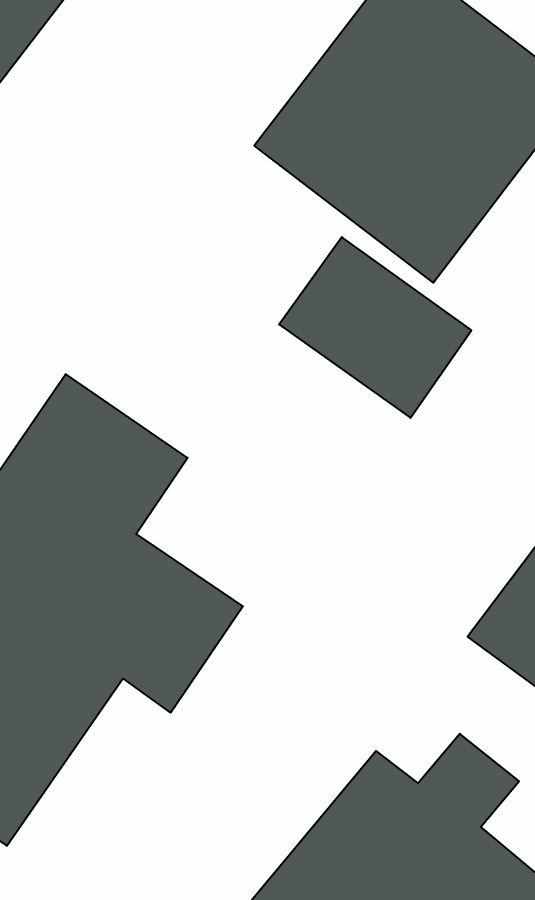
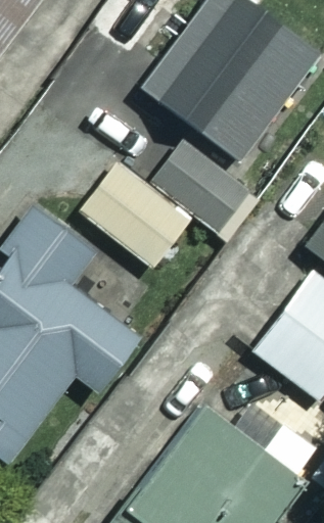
building: none -> [80,160,193,268]

